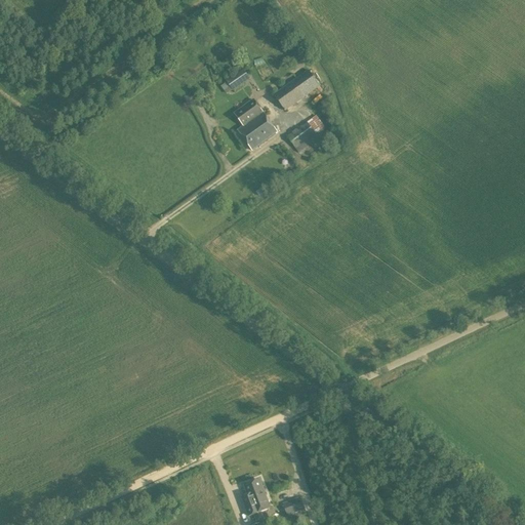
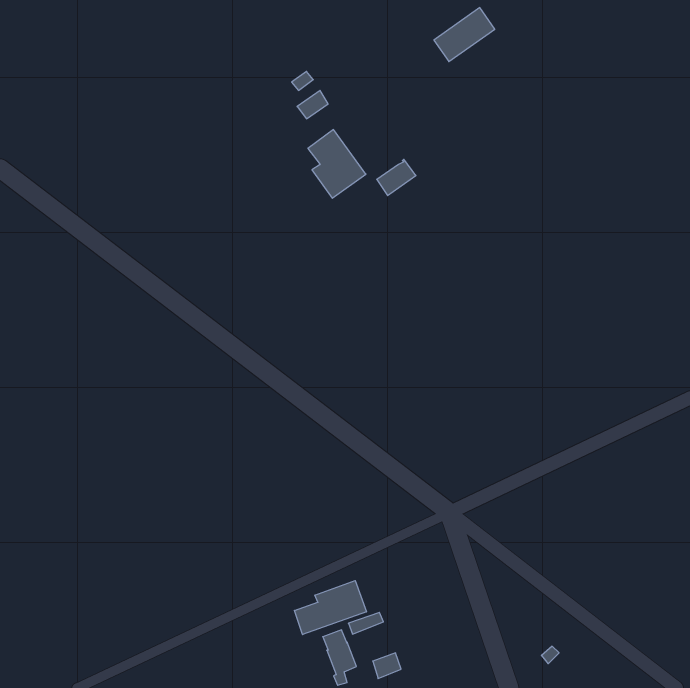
building: [274,70,320,111] -> [434,8,495,62]
building: none -> [294,581,366,635]

